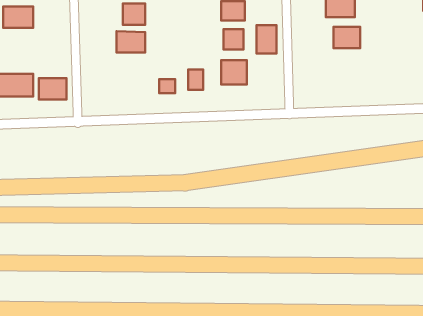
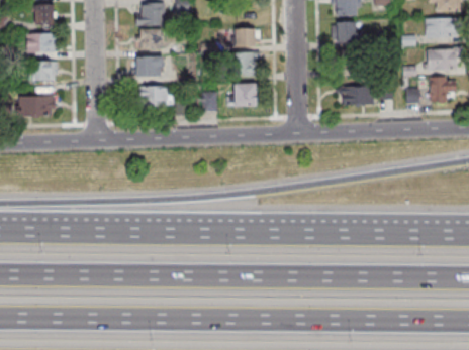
building: [256,25,277,53] -> none
building: none -> [340,87,373,106]
building: none -> [140,88,170,108]
building: [39,78,67,99] -> [31,62,58,82]

